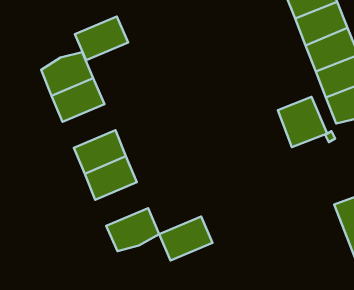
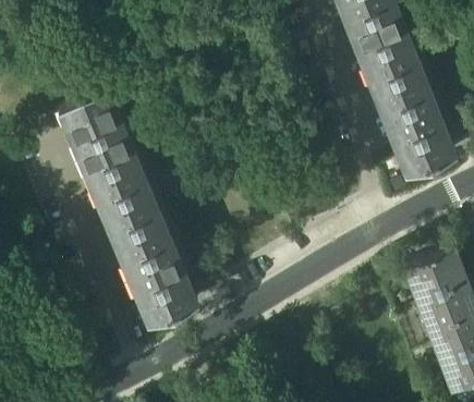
building: [75,16,128,60] -> [85,155,147,206]
building: [278,97,327,147] -> none
building: [159,217,212,260] -> [123,246,185,297]

